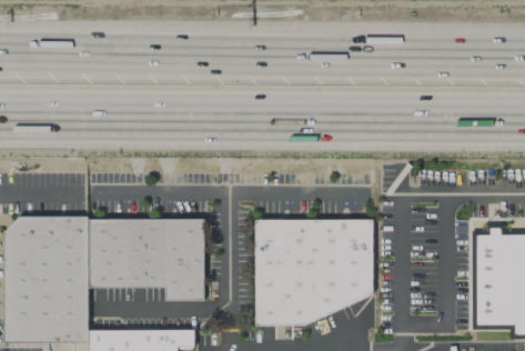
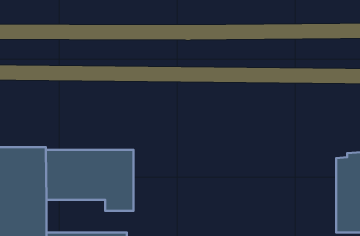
building: [255,219,374,325] -> none

